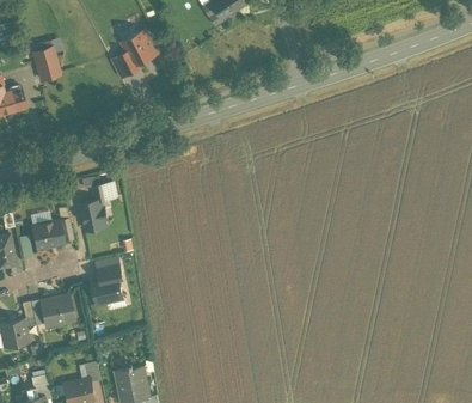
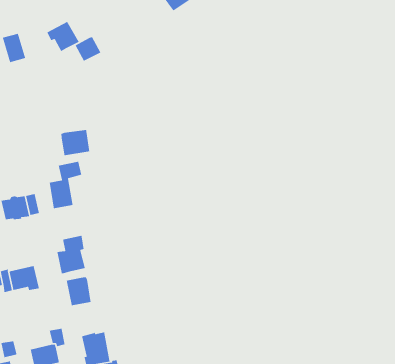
building: [121,30,157,63] -> [46,21,80,52]
building: none -> [61,129,90,156]
building: none -> [66,276,92,306]

